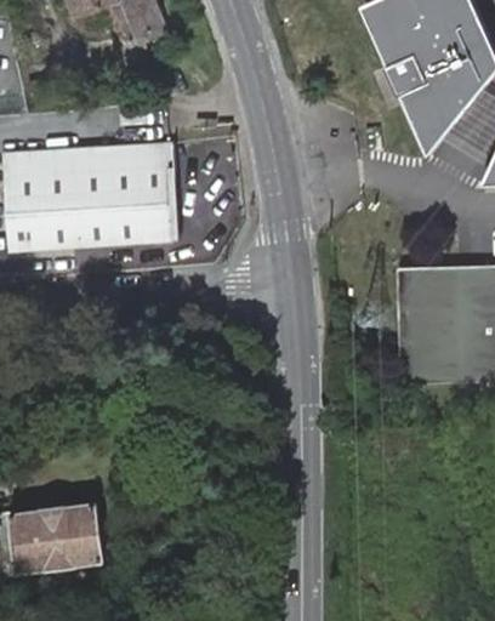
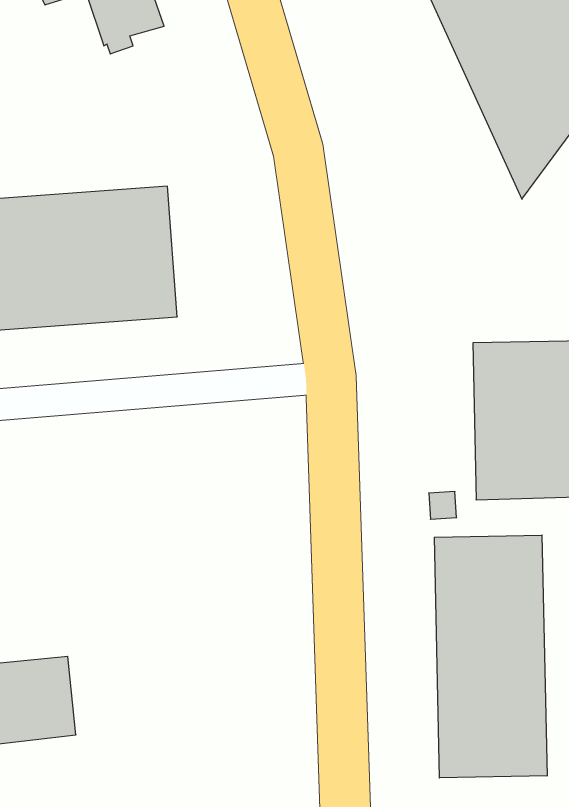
building: none -> [434,535,547,778]

